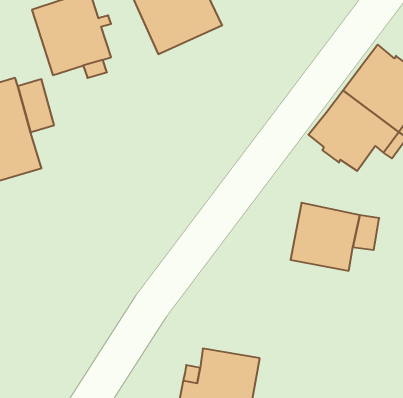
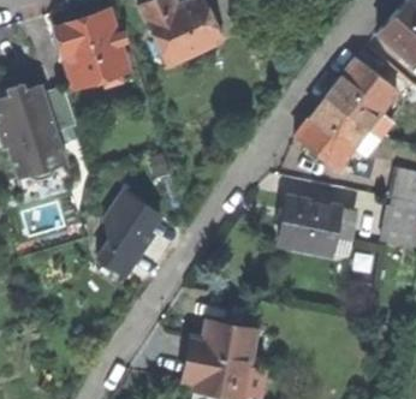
building: none -> [97,189,161,275]

